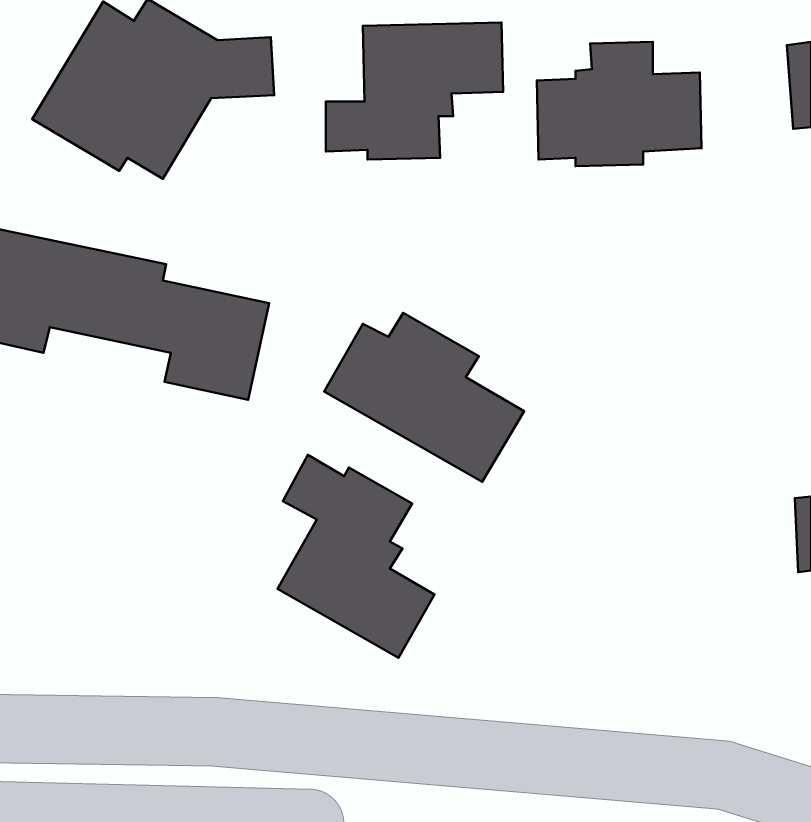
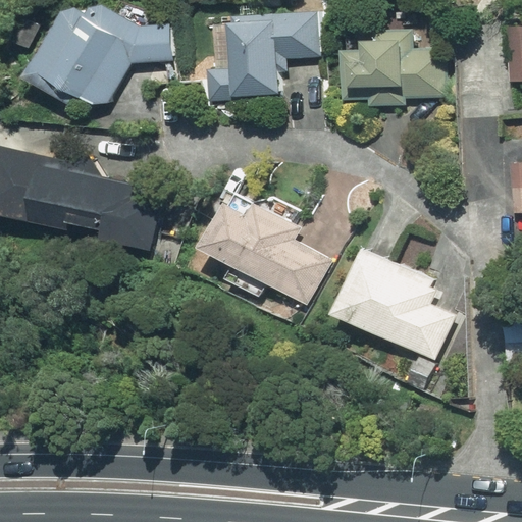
building: none -> [329,248,459,393]
building: [277,455,435,658] -> none

